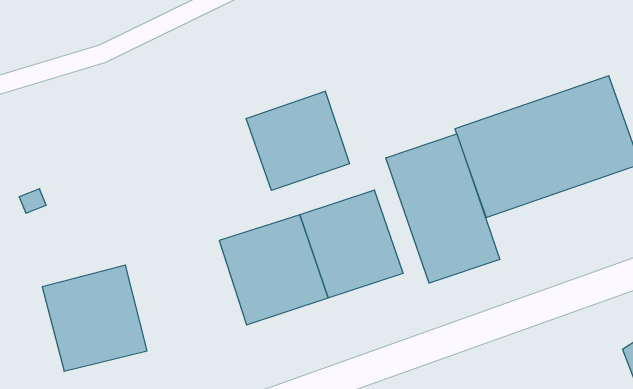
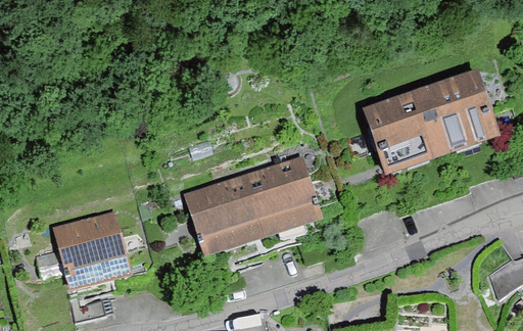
building: [246,91,350,190] -> none
building: [386,134,500,283] -> none

